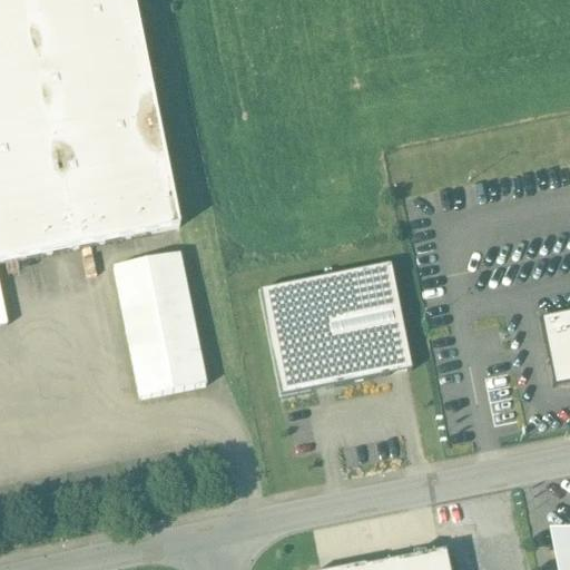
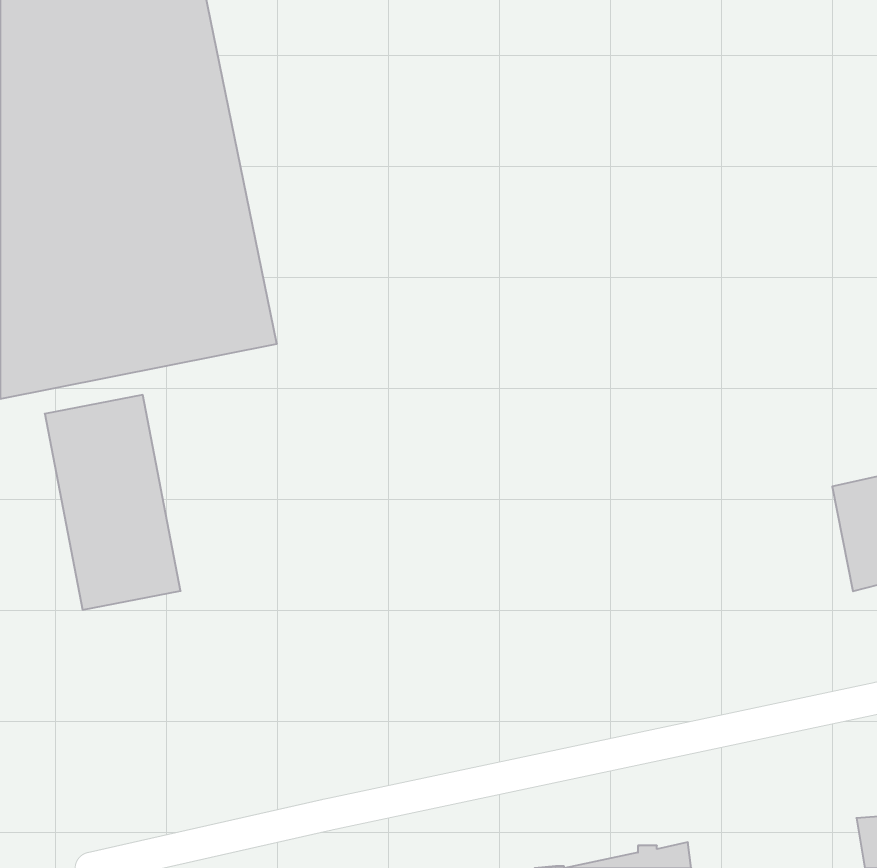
building: [115,254,203,393] -> [45,395,181,610]
building: [249,263,410,396] -> none

